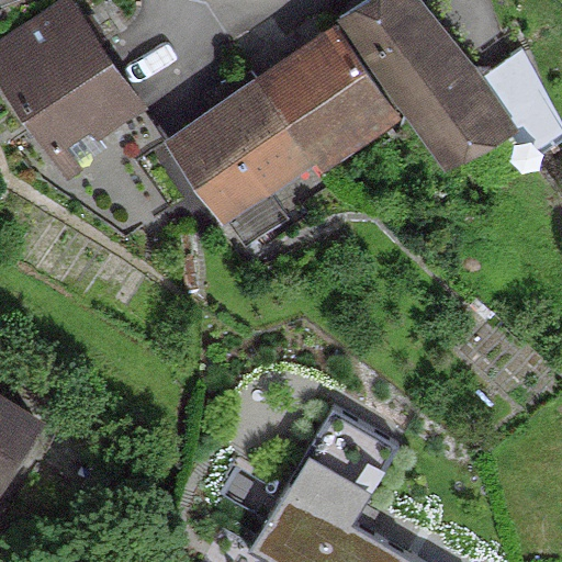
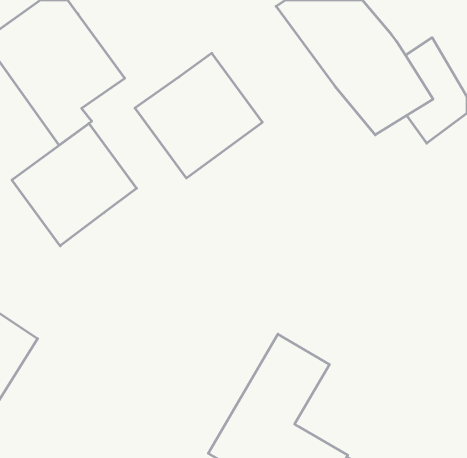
building: [254,21,401,172] -> none
building: none -> [12,123,137,246]

